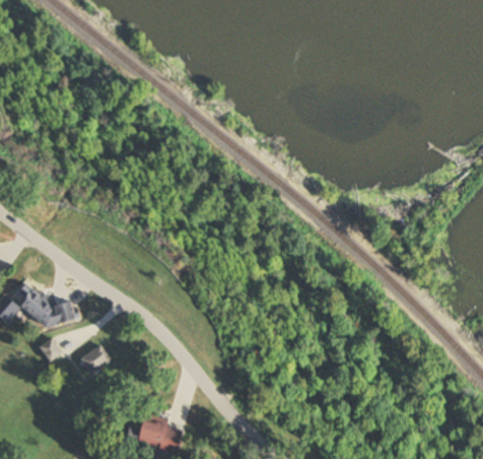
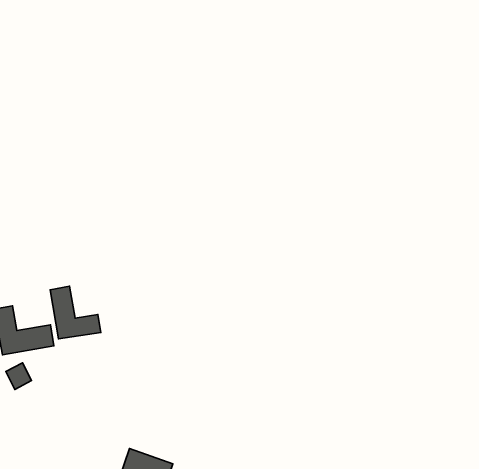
building: none -> [50,286,101,339]
building: [79,344,113,375] -> none

